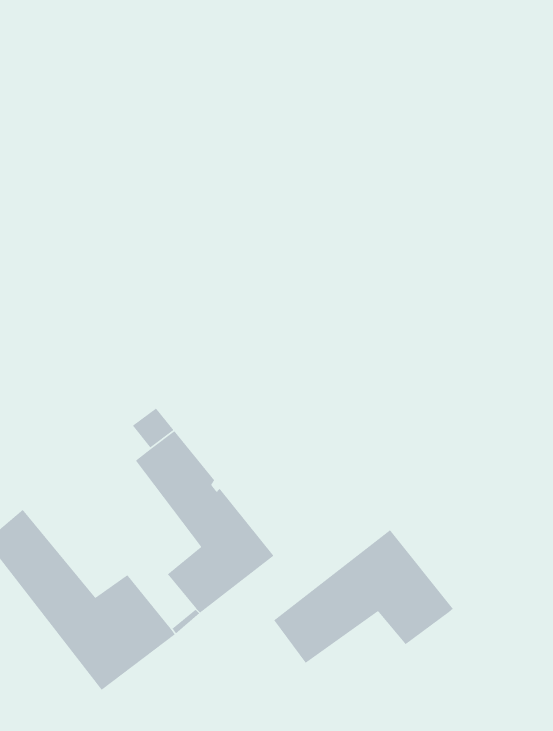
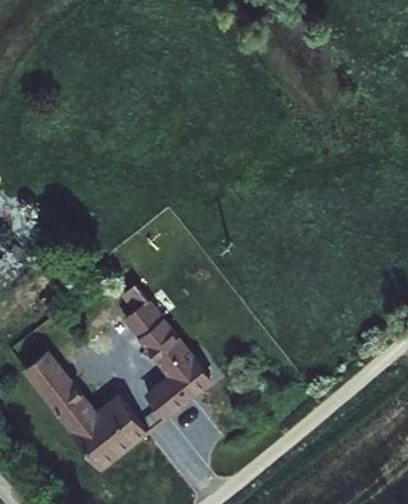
building: [273,529,454,664] -> none

